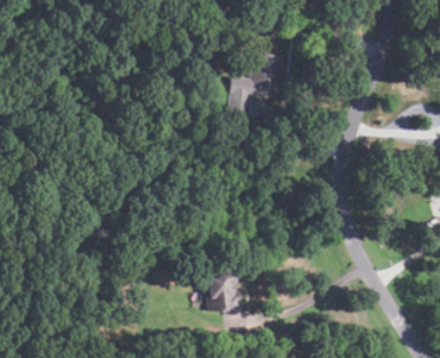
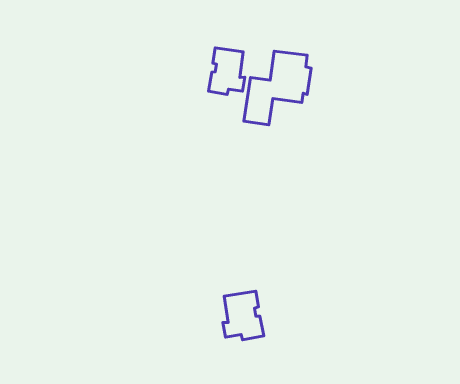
building: none -> [208,48,245,94]

